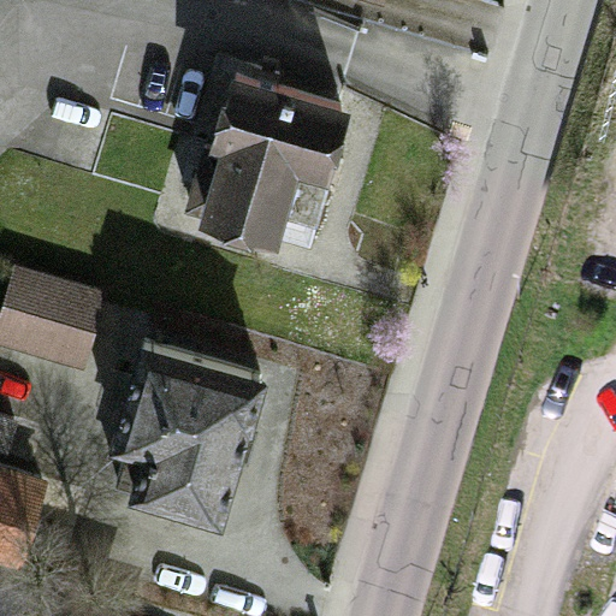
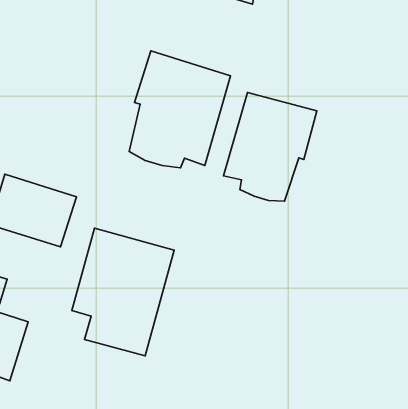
building: none -> [223,93,317,201]

